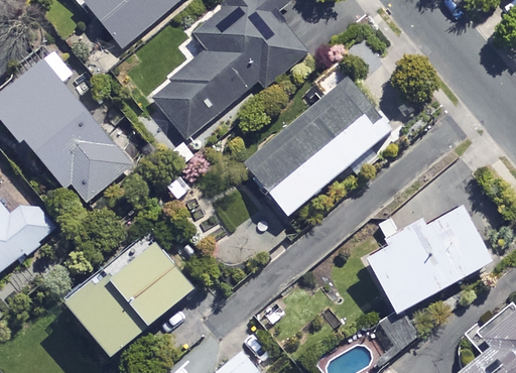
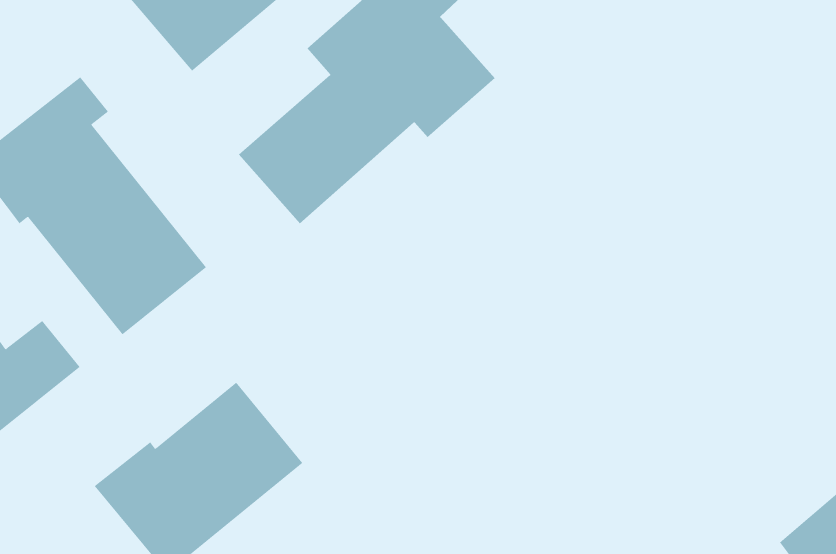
building: [243,64,388,215] -> none
building: [363,204,489,313] -> none

